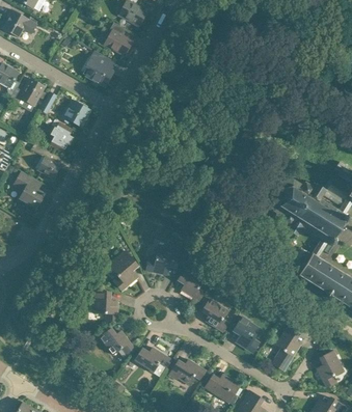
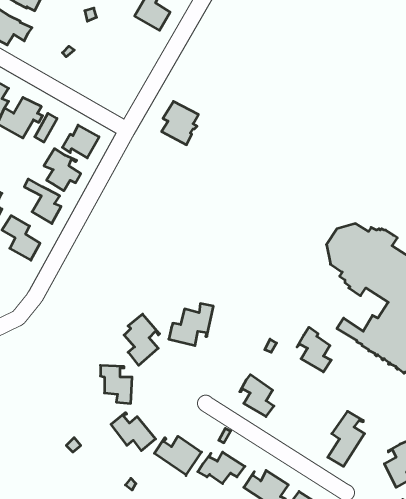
building: [105,23,130,54] -> none
building: [85,52,114,86] -> [162,101,198,145]
building: [178,267,205,301] -> none
building: [233,315,260,351] -> [297,327,331,372]

